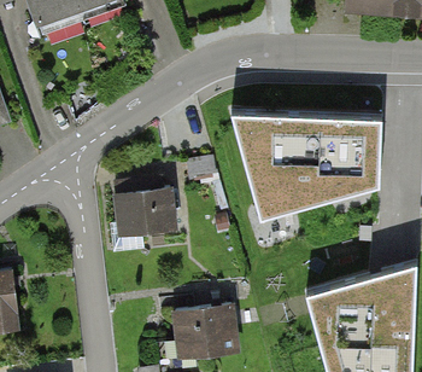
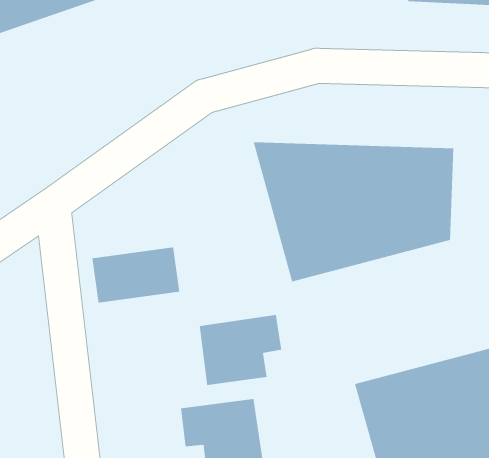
building: none -> [199,314,282,386]

